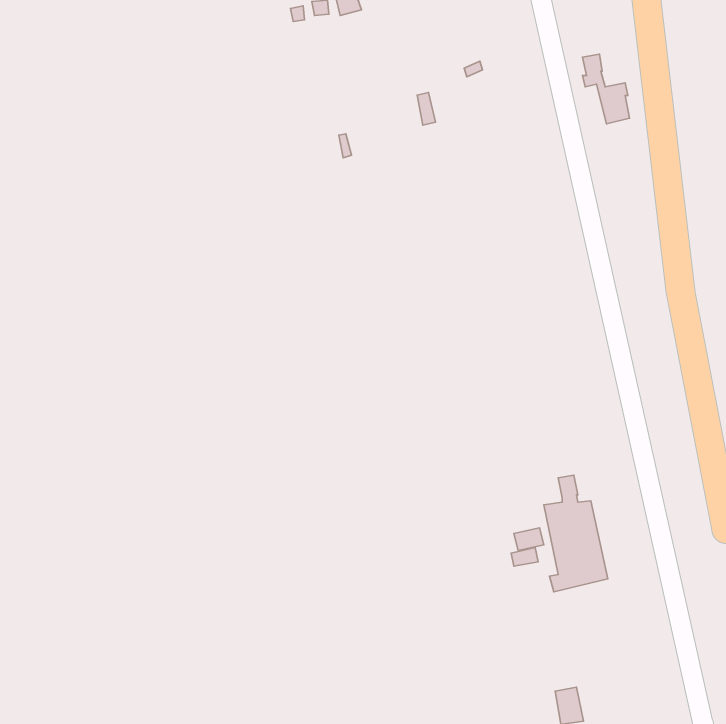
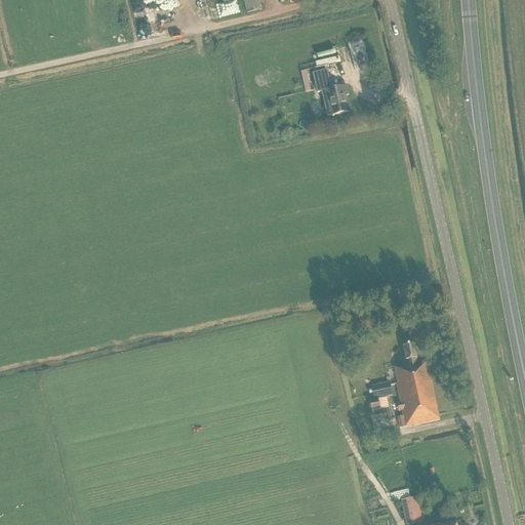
building: [582,54,629,124] -> [314,64,348,114]

